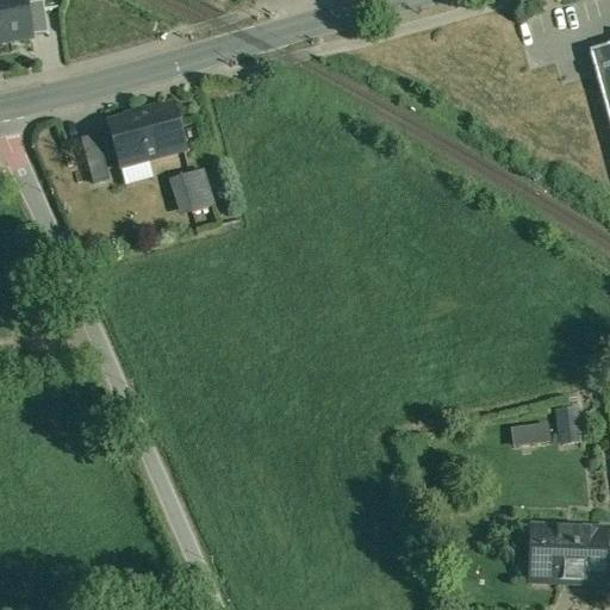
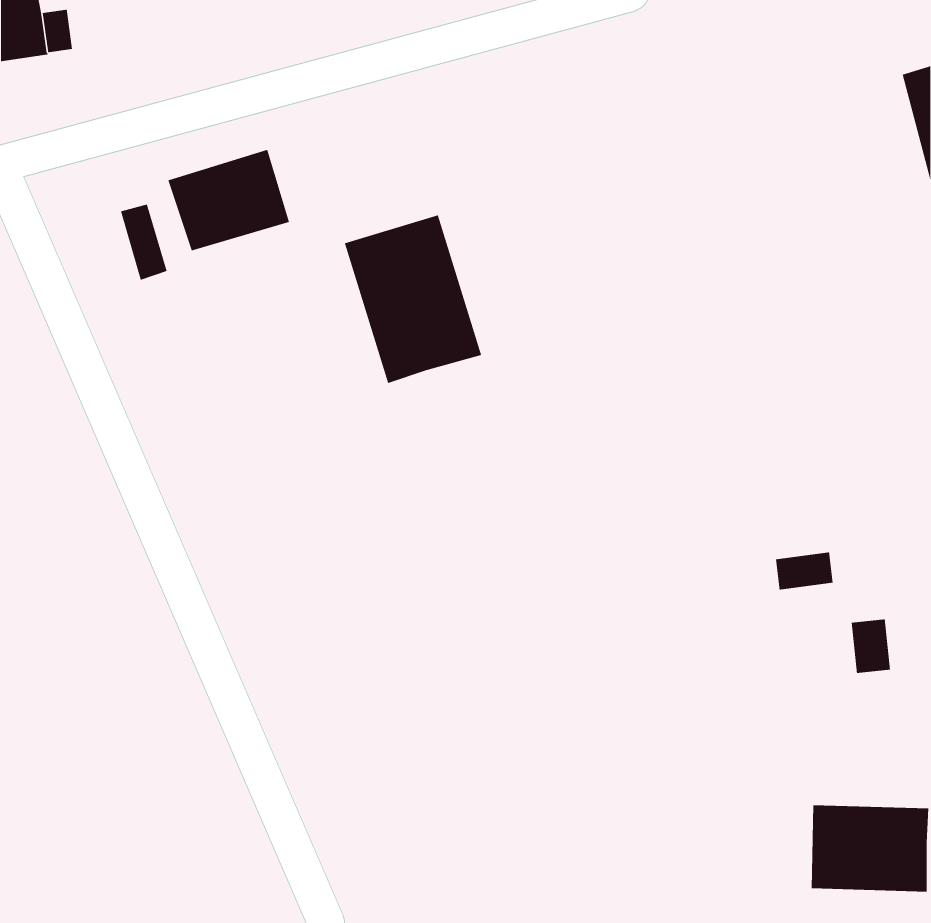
building: none -> [344,215,482,384]
building: [170,170,214,212] -> none
building: [511,421,549,446] -> [775,552,833,590]

